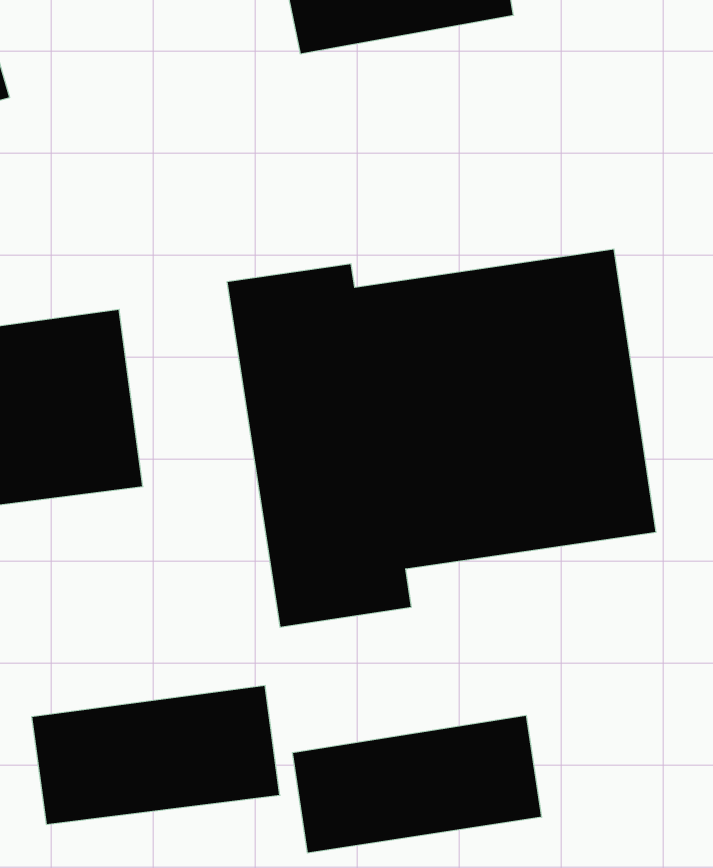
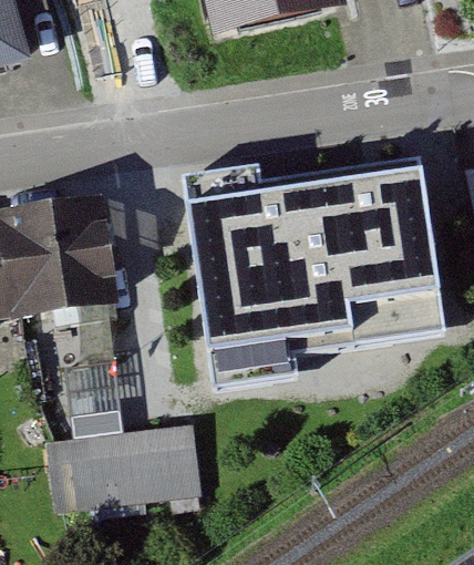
building: [292,715,542,853] -> none

